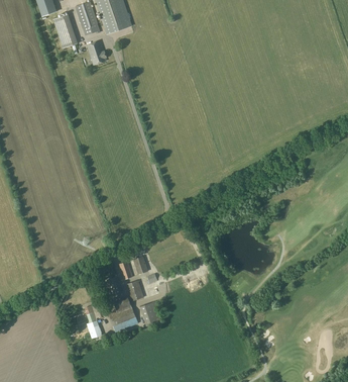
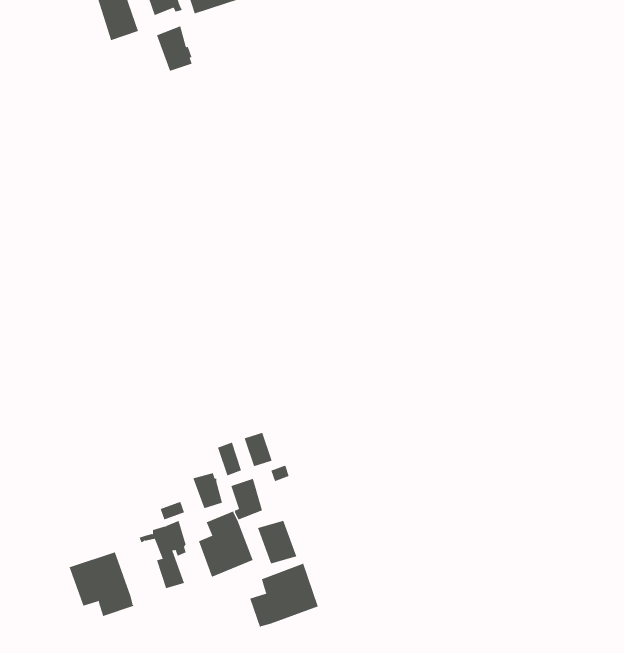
building: none -> [69,552,134,617]
building: none -> [249,563,318,628]

